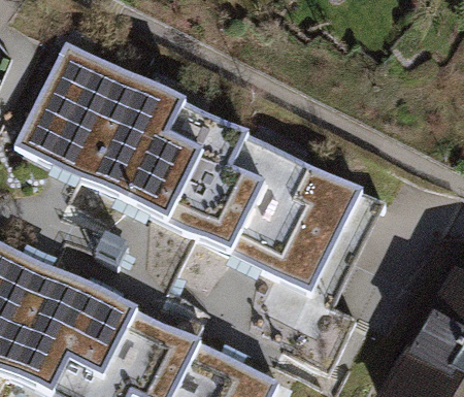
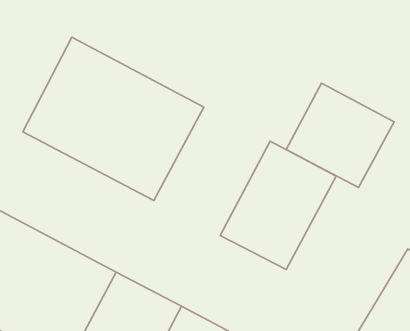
building: none -> [286,83,394,188]
building: [173,124,300,264] -> none

